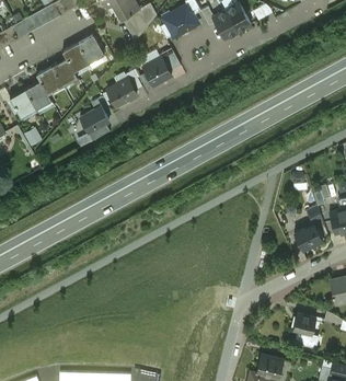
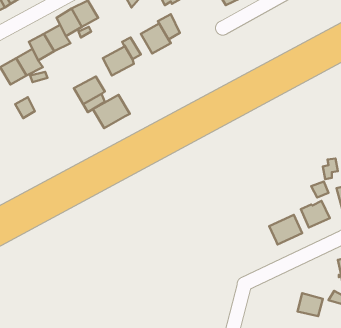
building: none -> [93,95,130,128]
building: none -> [269,215,302,245]

